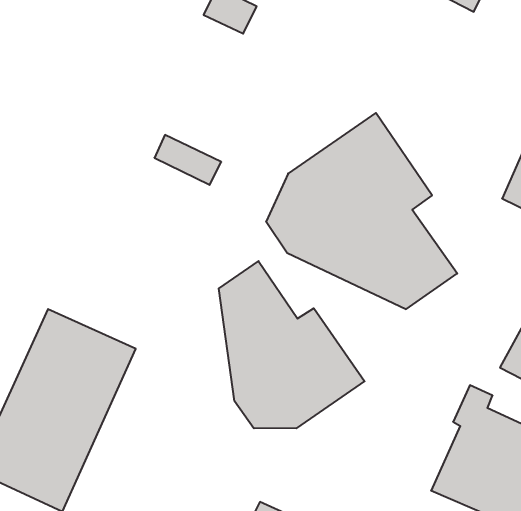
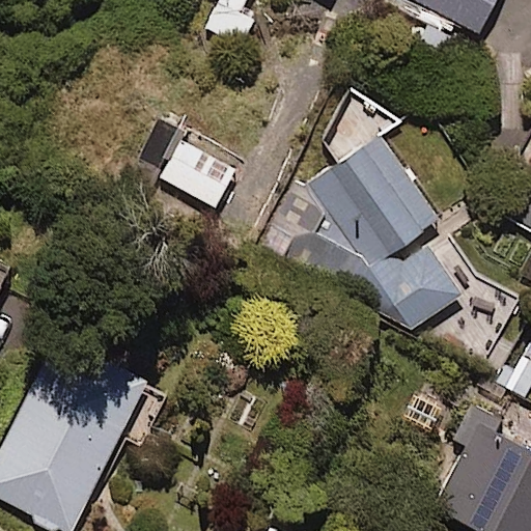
building: [219,261,365,428] -> none

